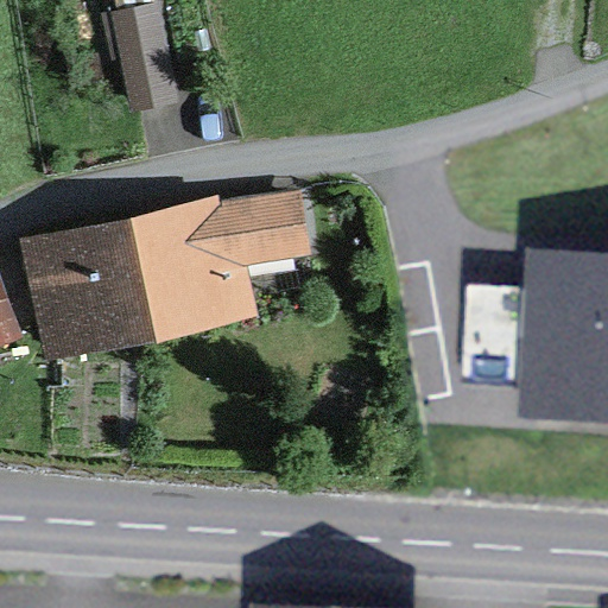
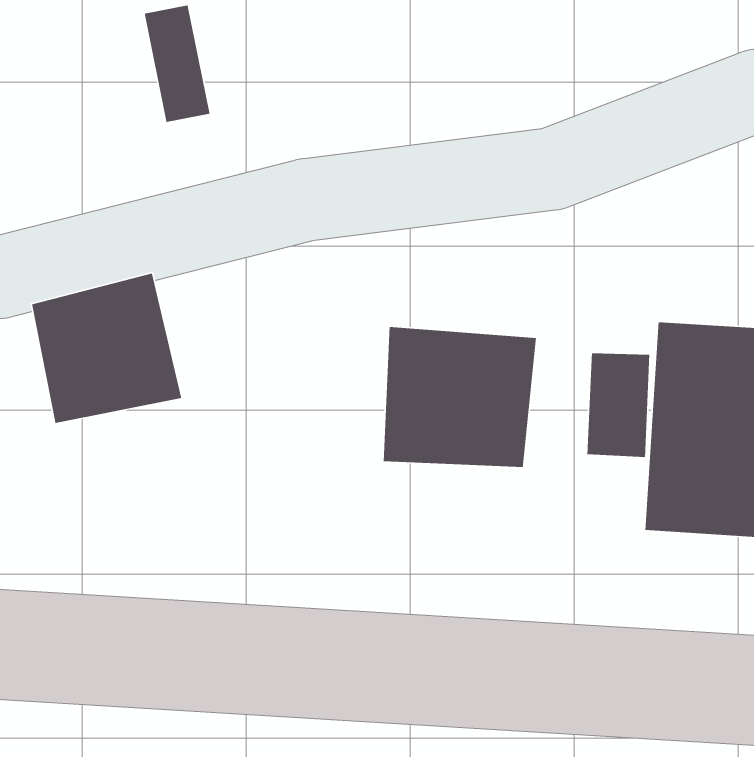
building: [125,192,299,319] -> none
building: none -> [383,326,537,468]

